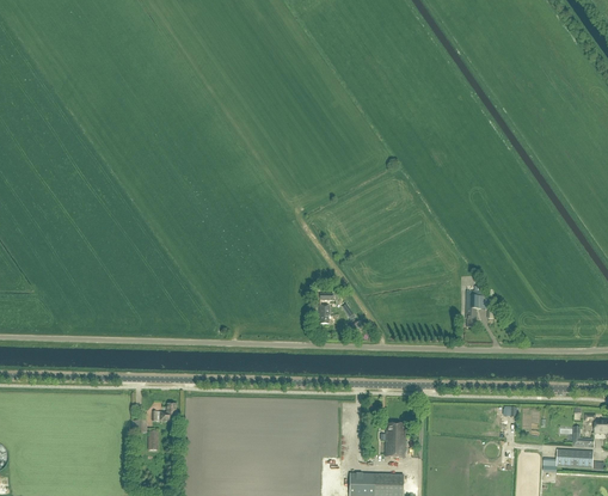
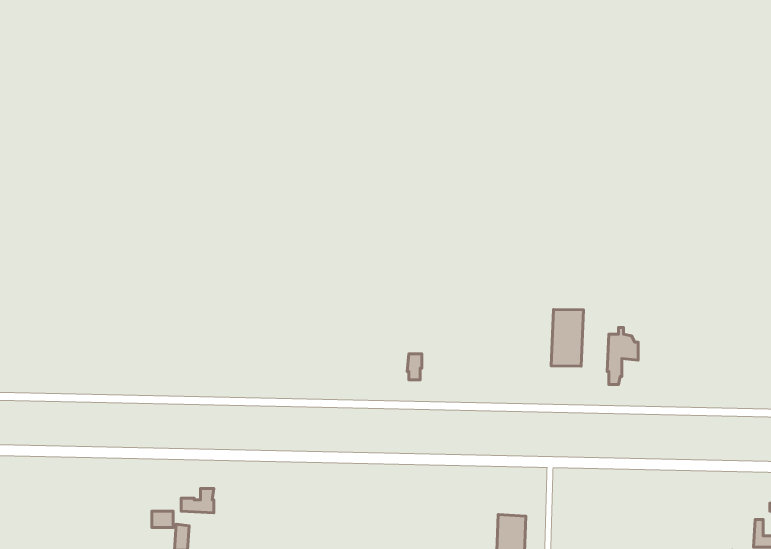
building: none -> [551,309,583,366]

